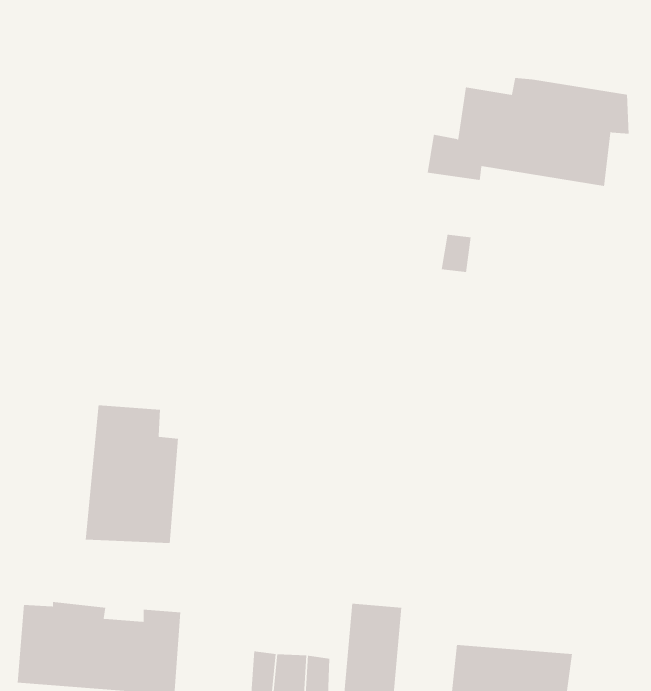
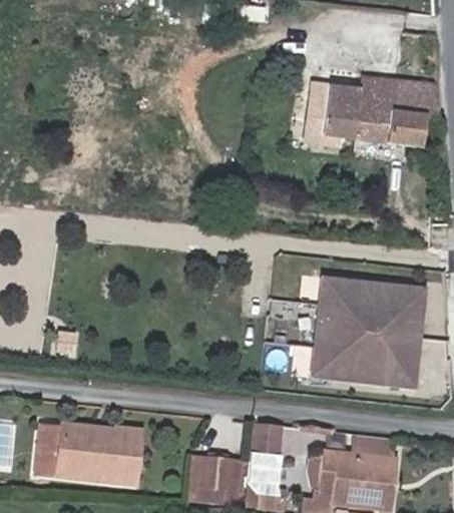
building: none -> [314,278,428,393]
building: [85,405,178,544] -> none

